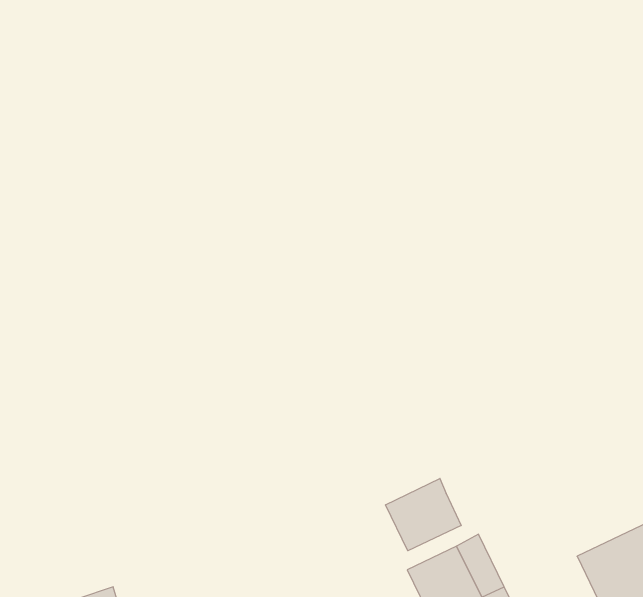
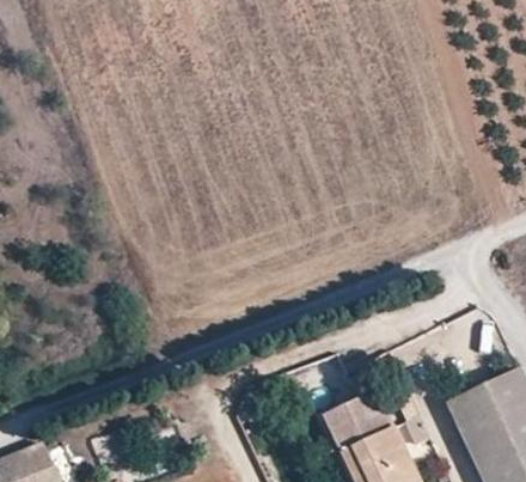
building: [386,478,461,551] -> none

